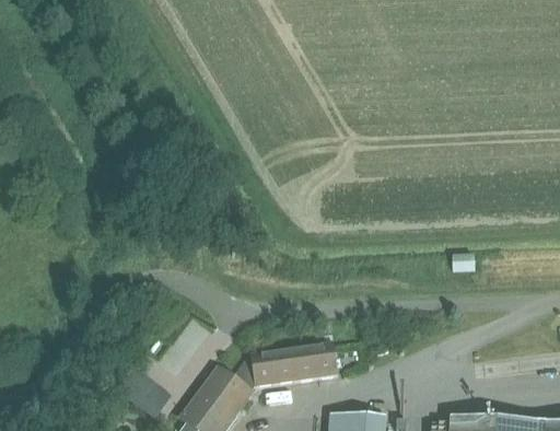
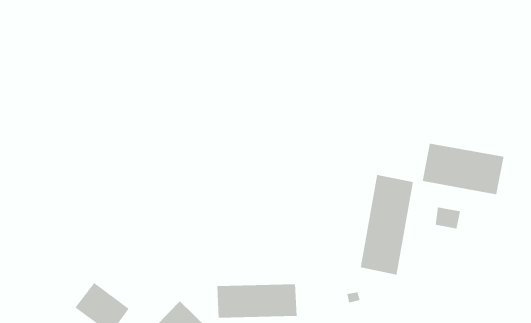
building: none -> [422,143,504,195]
building: none -> [360,174,414,275]

